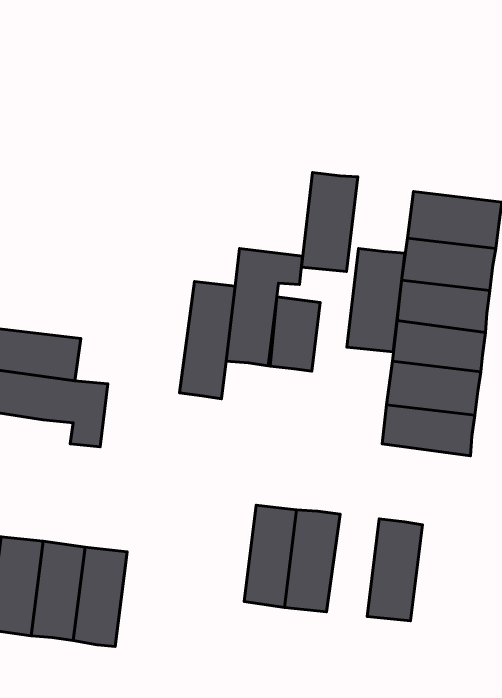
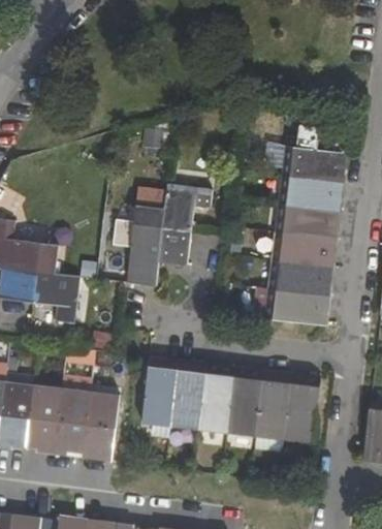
building: [301,172,358,272] -> none
building: [347,249,405,352] -> none
building: [270,297,320,371] -> none
building: none -> [140,356,179,427]
building: none -> [227,367,263,437]
building: none -> [285,374,320,443]
building: none -> [82,393,119,461]

